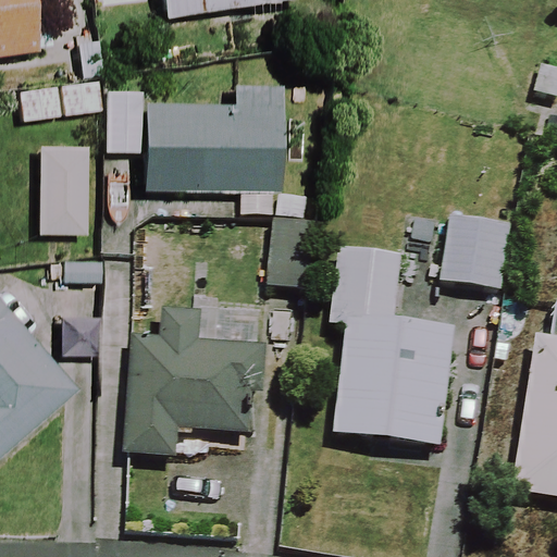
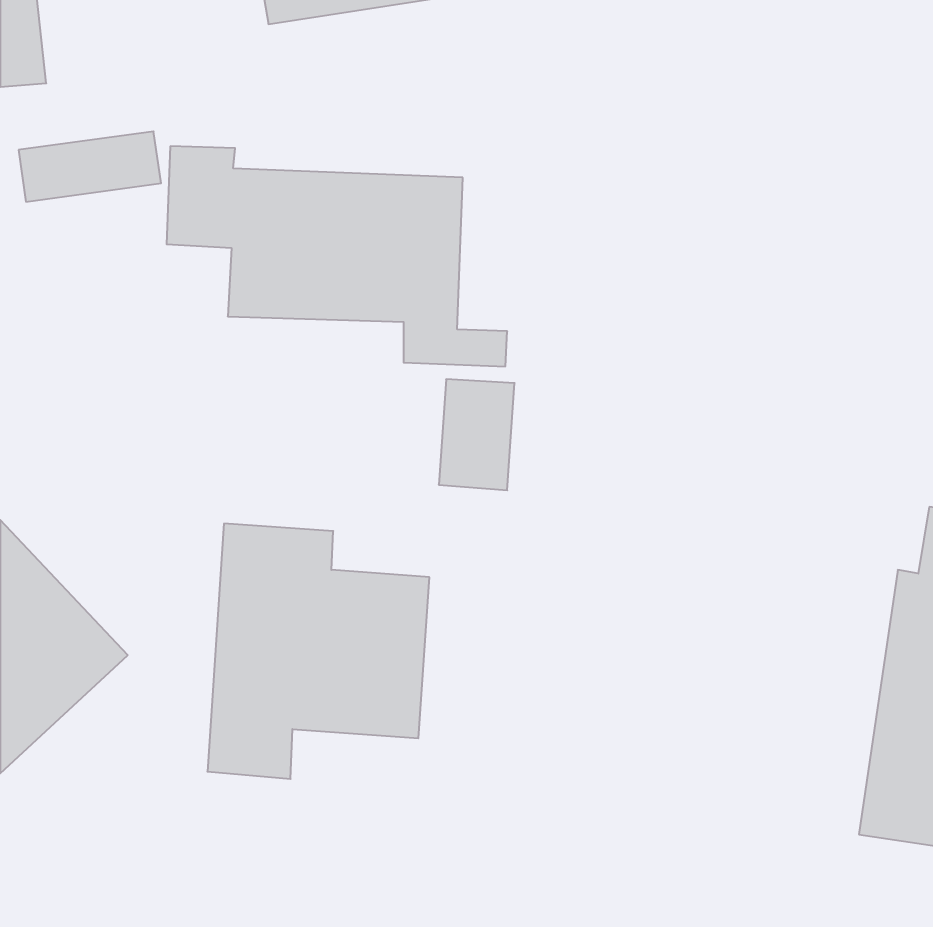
building: [39,143,86,230] -> none
building: [444,216,509,288] -> none
building: [333,249,453,446] -> none

